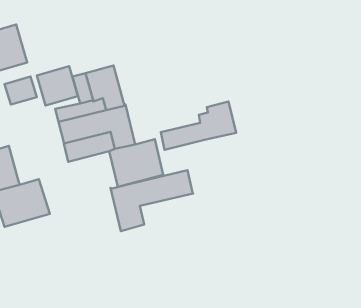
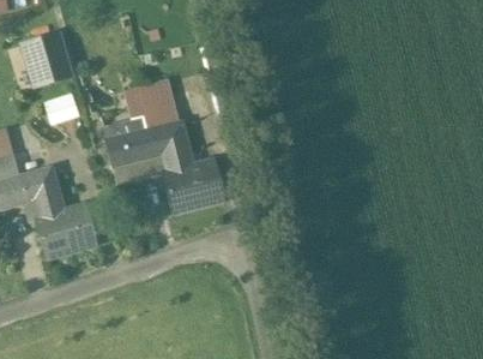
building: [37,66,78,105] -> none
building: [161,102,236,150] -> none
building: [110,170,193,231] -> none

